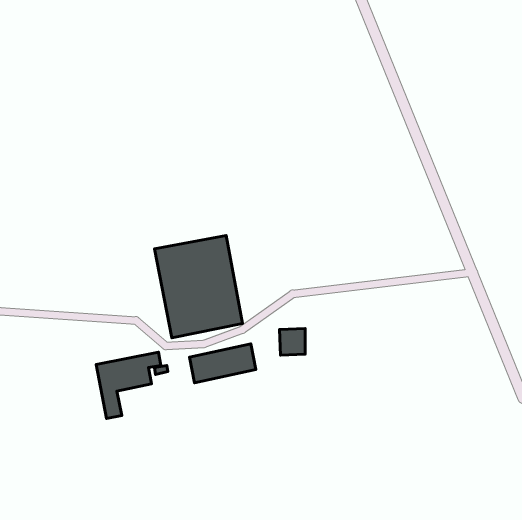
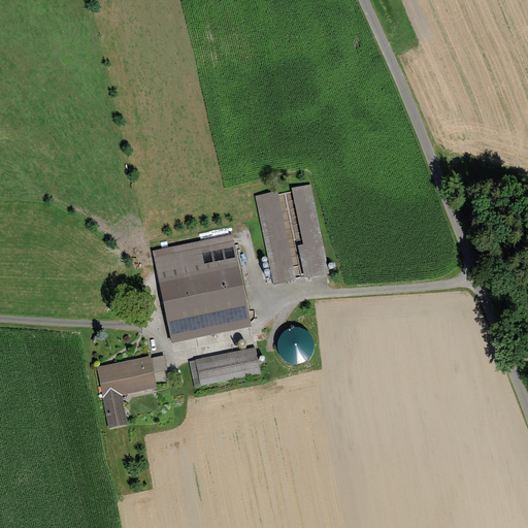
building: none -> [289,190,325,273]
building: none -> [257,193,290,280]

